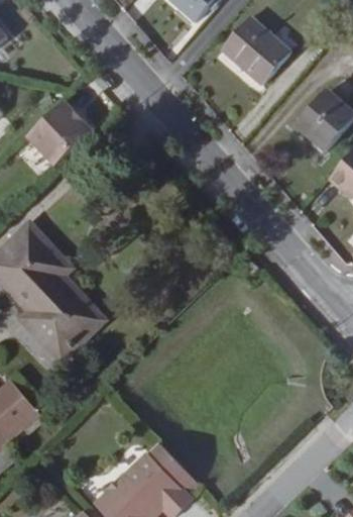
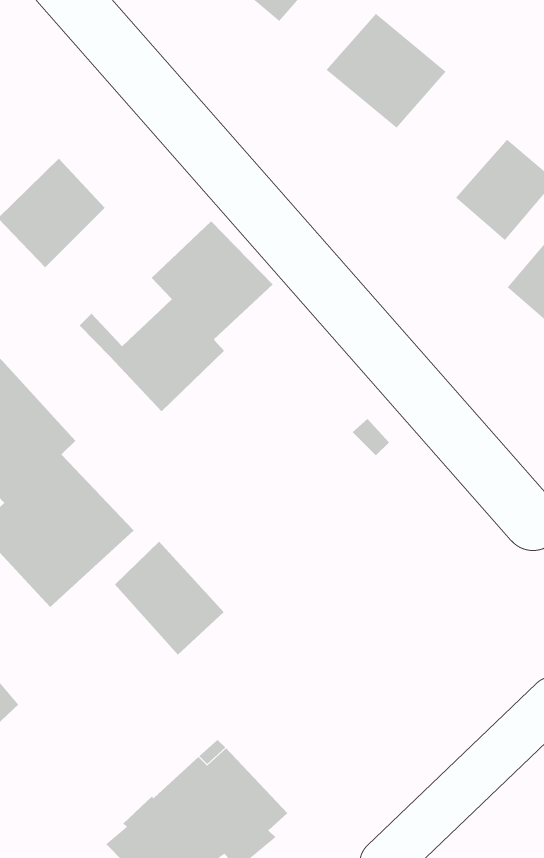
building: none -> [79,220,273,412]
building: none -> [114,541,225,655]

